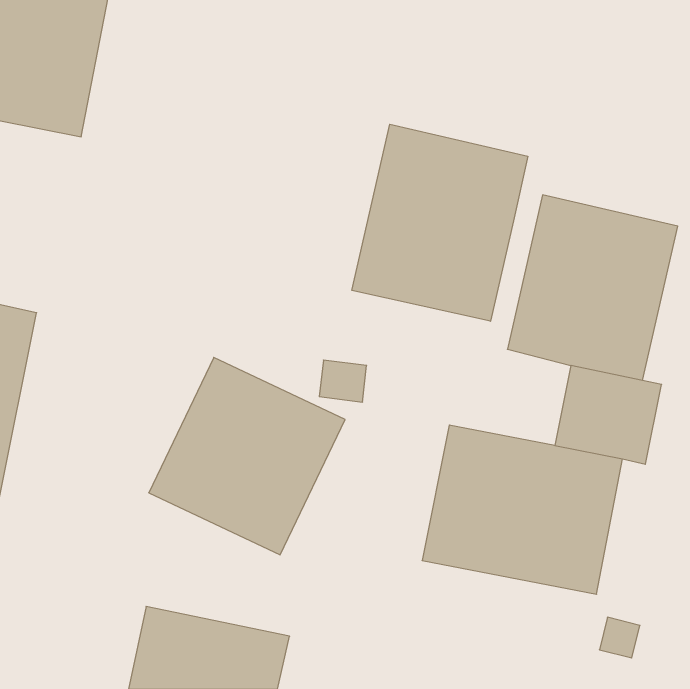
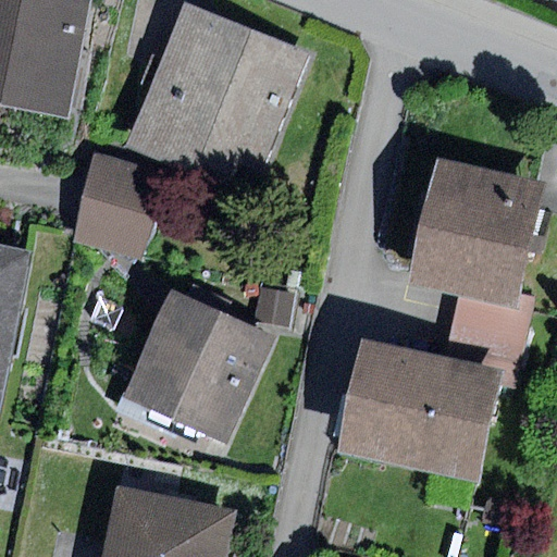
building: none -> [127,4,309,196]
building: [352,124,528,321] -> none
building: none -> [75,152,171,258]

